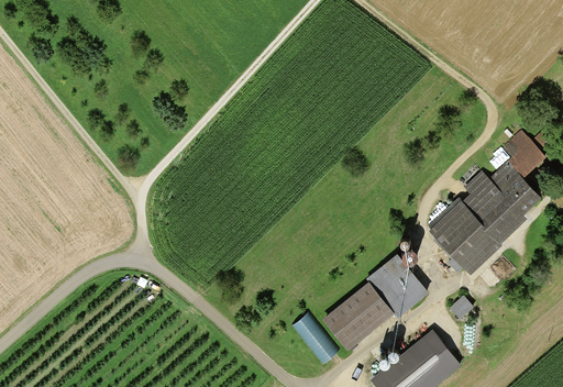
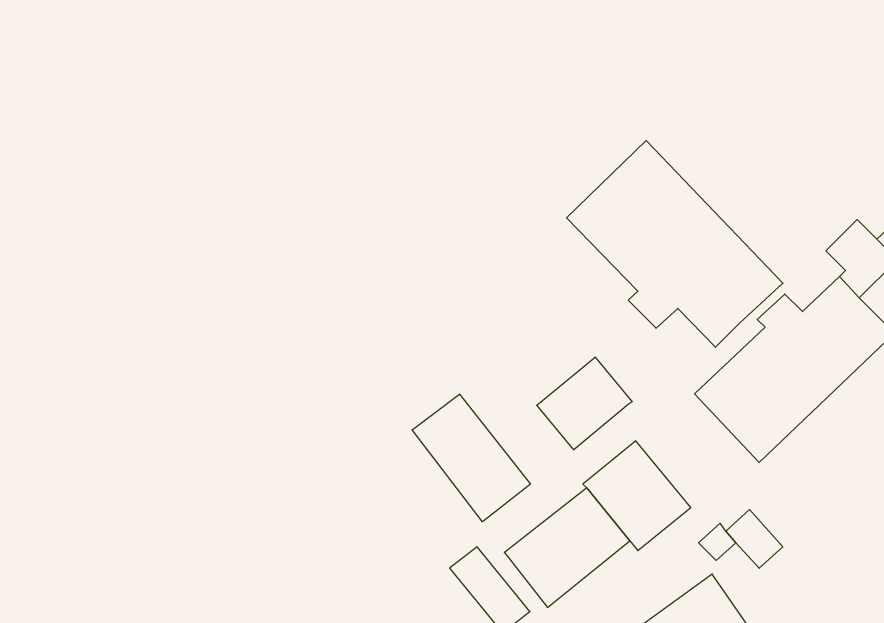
building: none -> [567,141,783,347]
building: none -> [537,357,632,450]
building: none -> [412,394,530,522]

